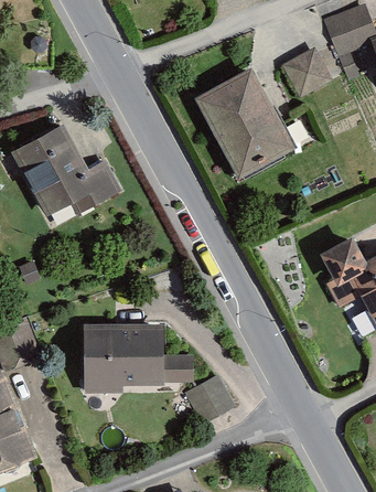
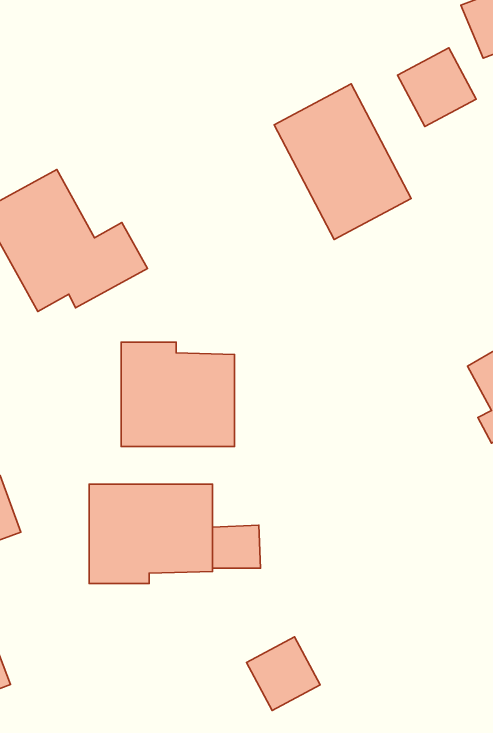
building: none -> [121,342,234,447]
building: [185,375,233,423] -> [247,637,320,710]

